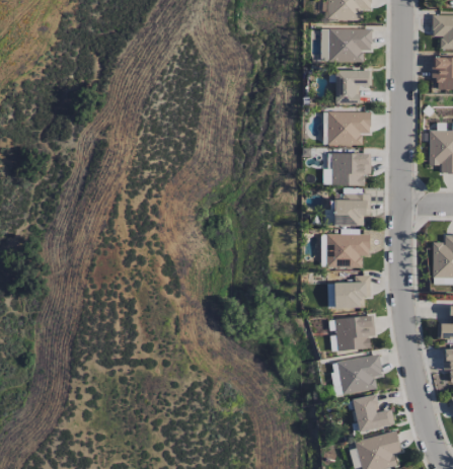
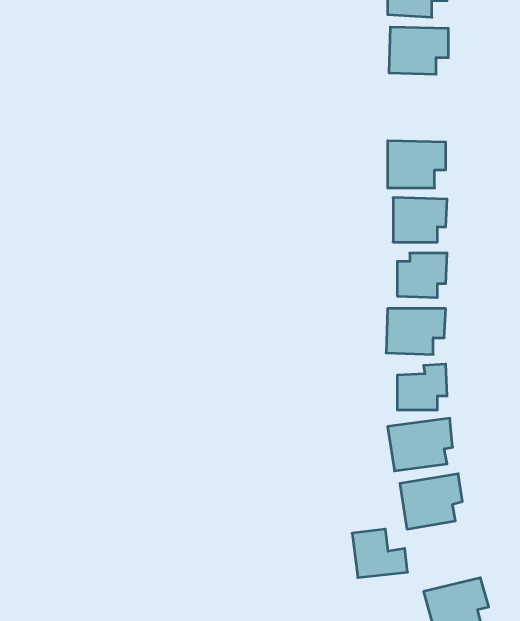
building: [334,70,370,103] -> none
building: [353,395,393,431] -> [352,529,408,578]

